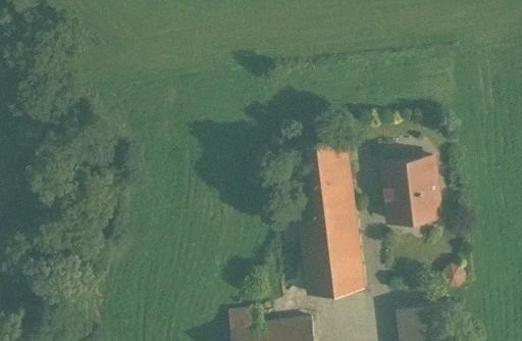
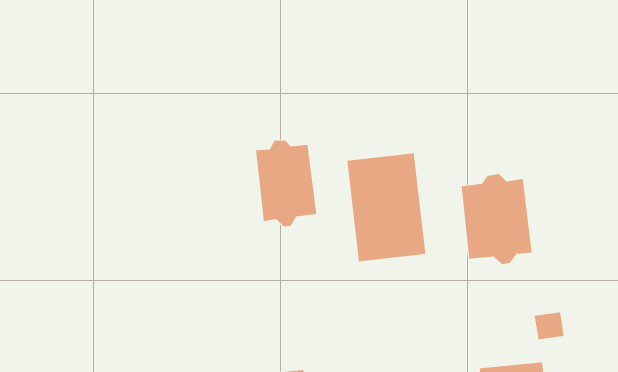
building: none -> [255,140,317,227]
building: [284,220,364,296] -> none

